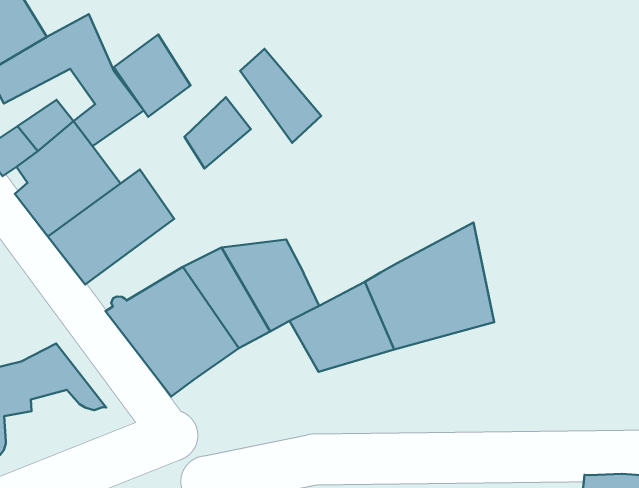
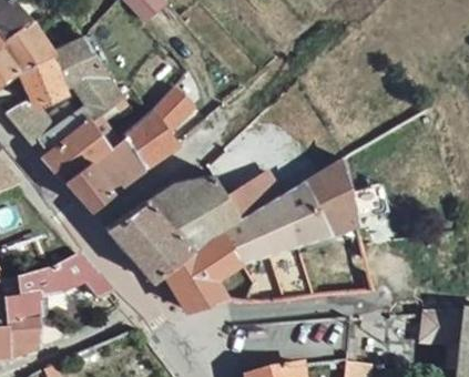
building: [114,35,191,117] -> [122,112,173,166]
building: [240,49,321,143] -> none
building: none -> [234,174,284,217]
building: none -> [166,228,247,315]

